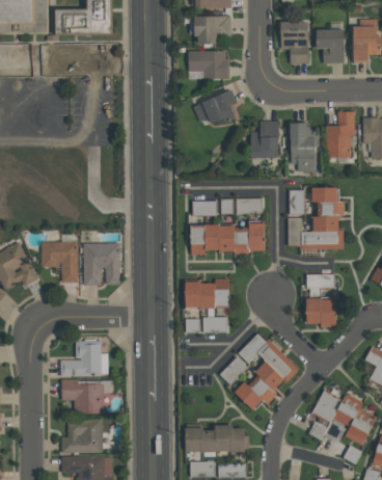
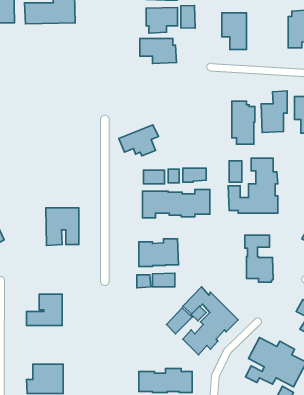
building: none -> [181,6,195,28]
building: [319,29,345,63] -> none
building: [193,90,238,126] -> [119,125,158,156]
building: [251,121,280,157] -> none
building: [40,241,78,282] -> none
building: [61,378,103,412] -> none

